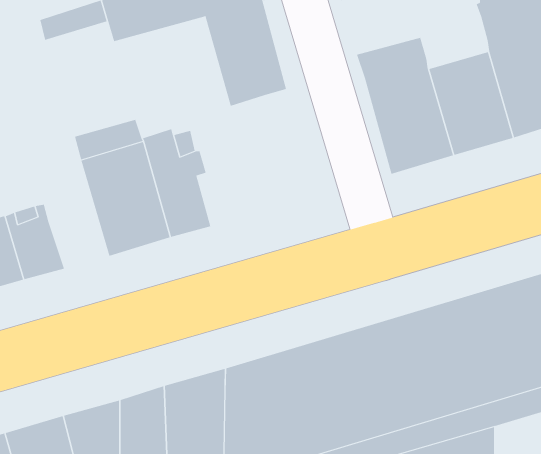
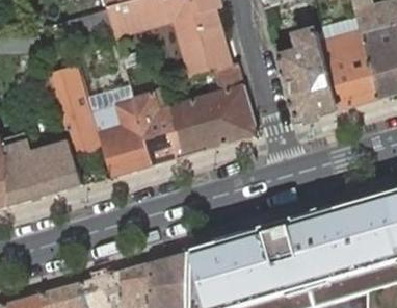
building: none -> [317,19,362,53]
building: none -> [169,65,257,157]
building: none -> [49,70,98,154]

